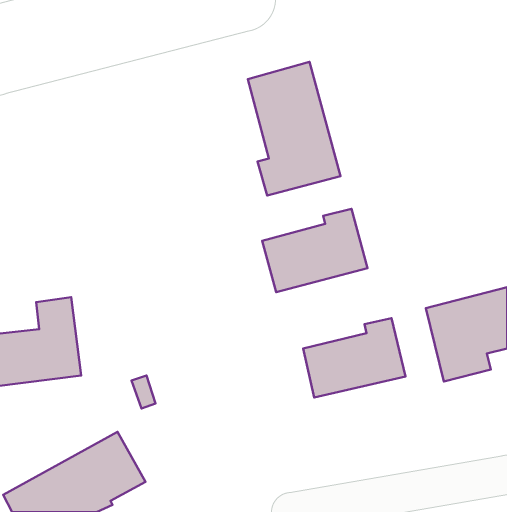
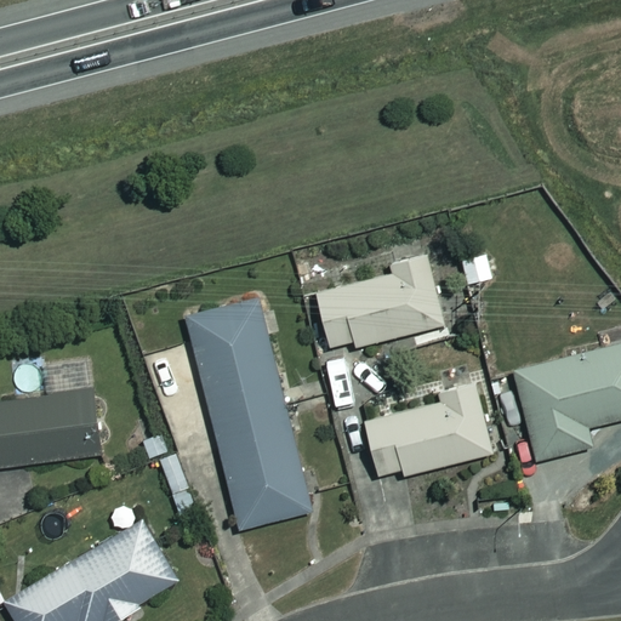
building: [248,62,341,195] -> none
building: none -> [187,300,312,529]

